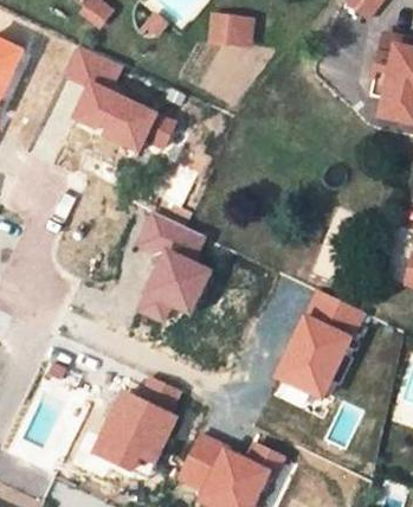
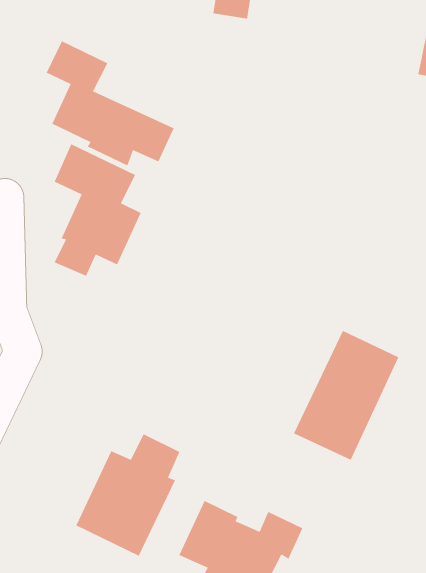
building: [135,214,208,326] -> [54,144,141,277]

